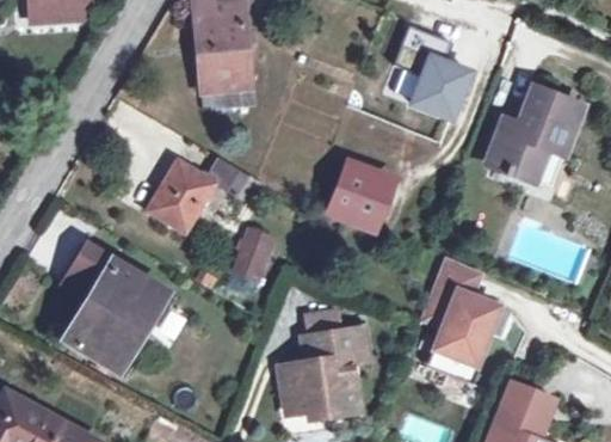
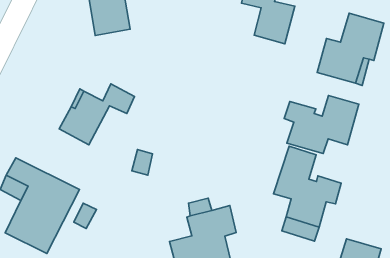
building: [331,166,387,225] -> none
building: none -> [284,96,359,154]

